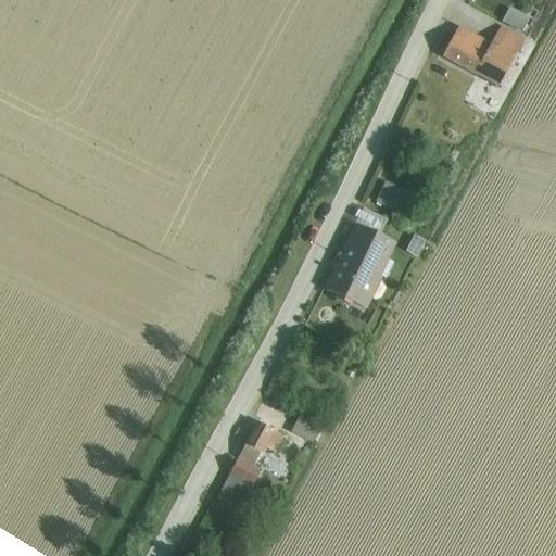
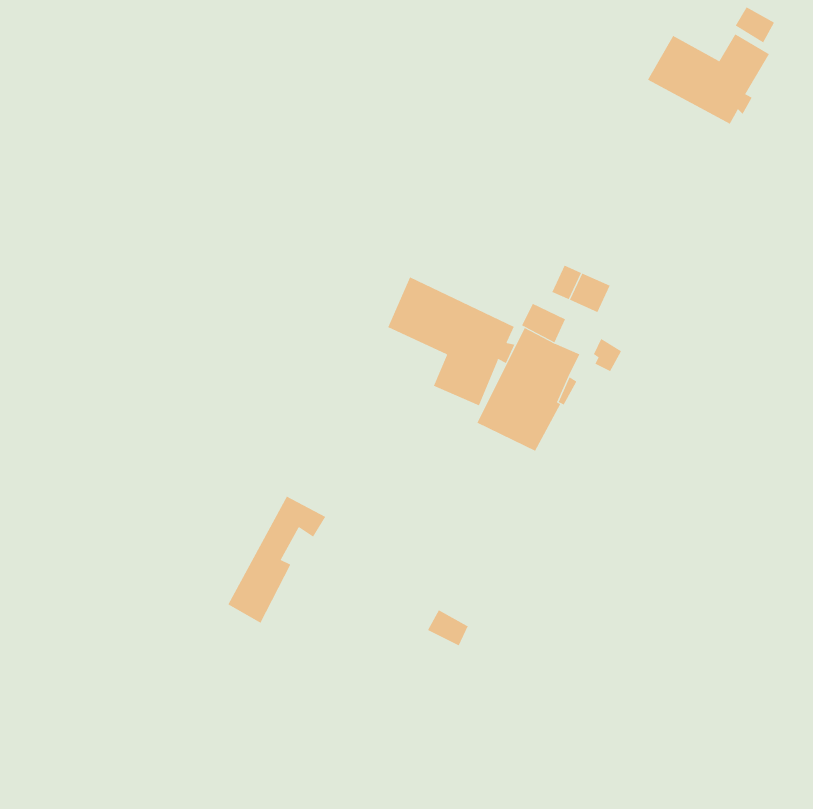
building: none -> [387,277,515,406]
building: [216,420,283,507] -> [227,496,326,624]

